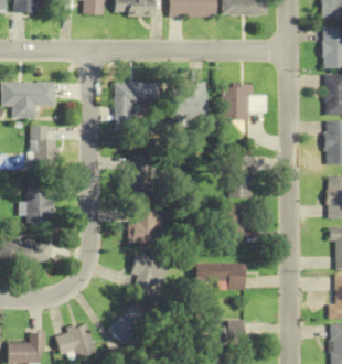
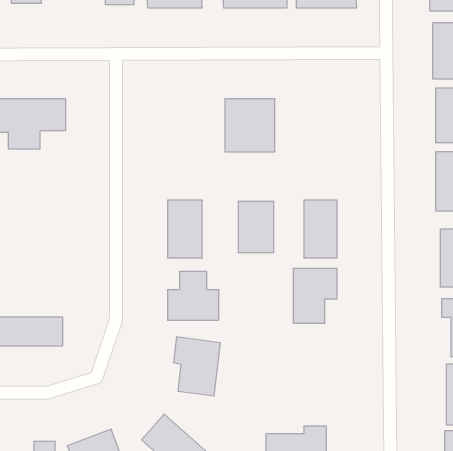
building: [115,82,159,125] -> none
building: [221,86,247,119] -> none
building: [29,126,57,162] -> none
building: none -> [238,201,273,253]
building: [28,182,52,223] -> none
building: [196,263,245,289] -> none

